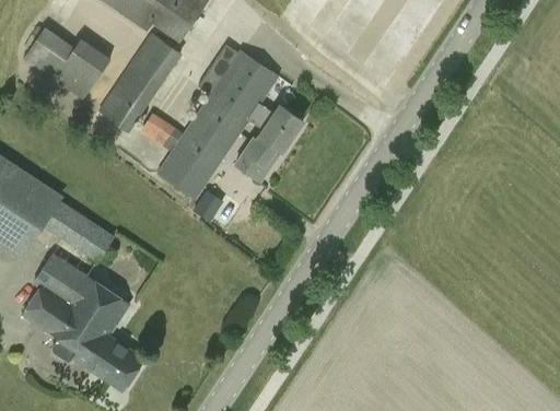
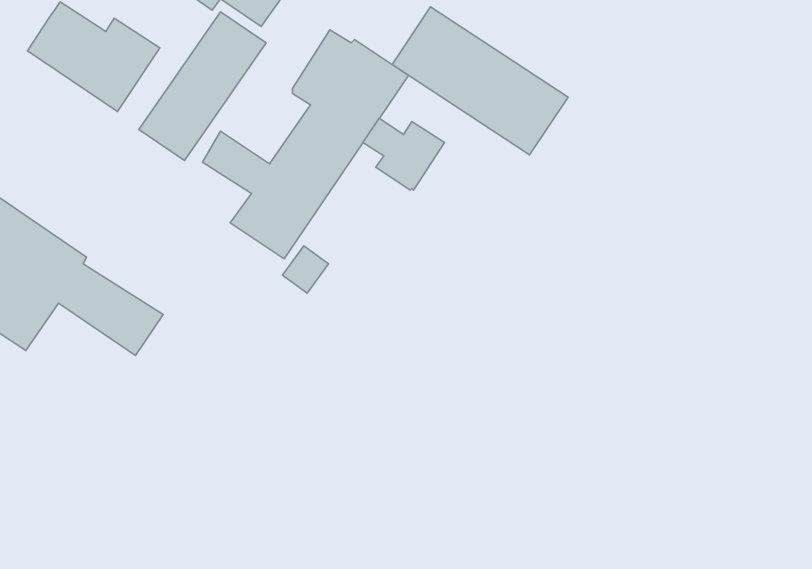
building: none -> [392,7,568,155]
building: [234,137,279,183] -> none
building: [24,254,143,390] -> none

